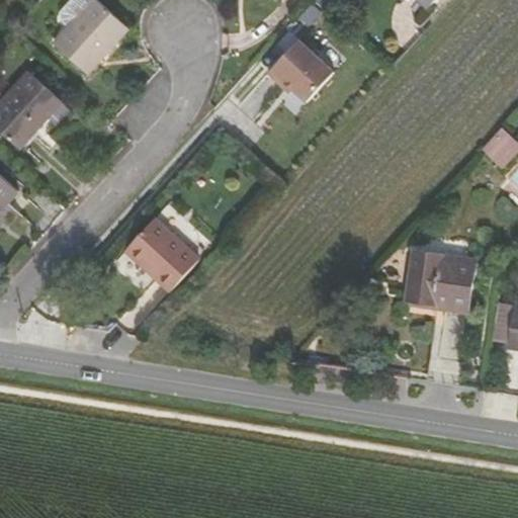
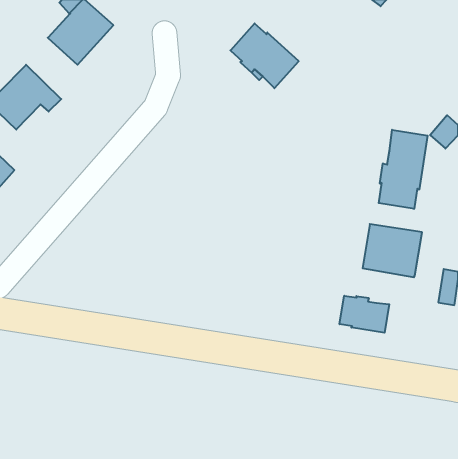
building: none -> [379,130,428,209]
building: [124,219,198,292] -> none
building: none -> [340,296,389,333]

